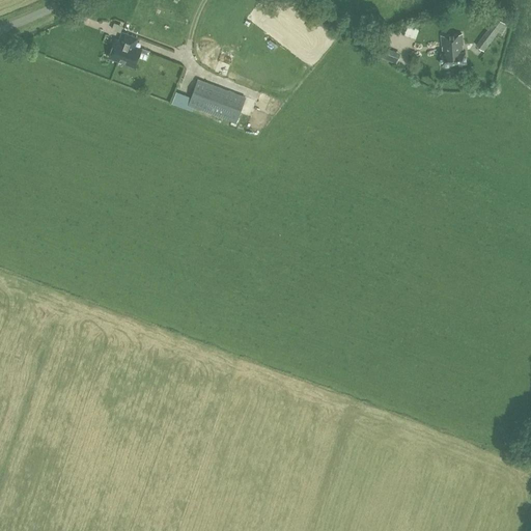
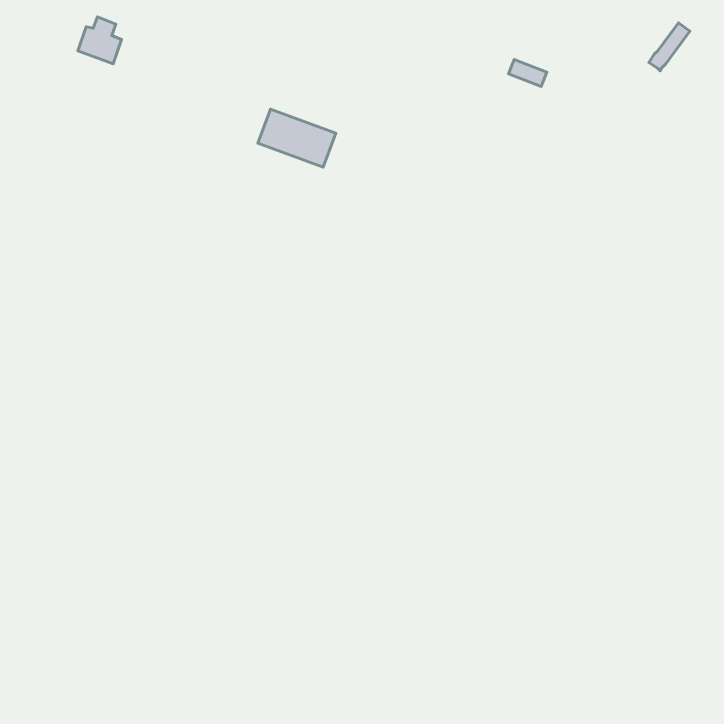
building: [109,32,141,66] -> [78,17,122,64]
building: [441,34,467,64] -> none

